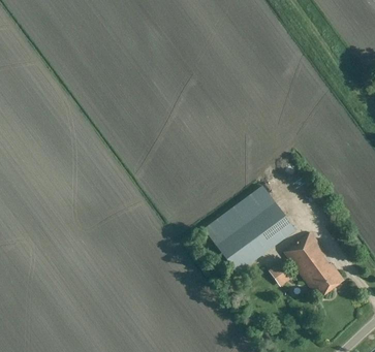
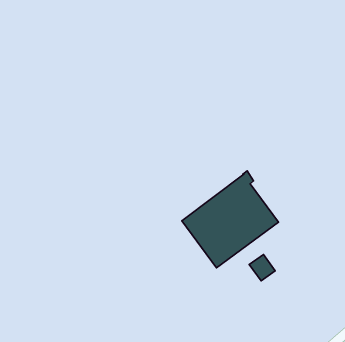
building: [283,230,343,297] -> none

